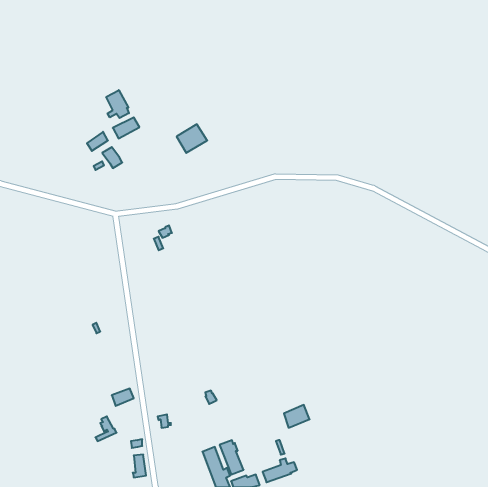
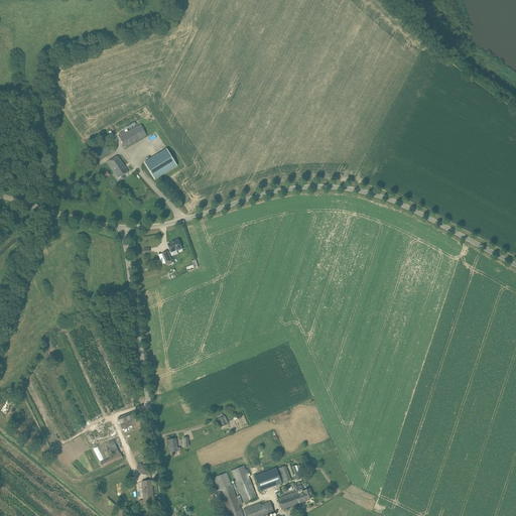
building: [106,90,129,118] -> none
building: [177,124,207,153] -> [145,148,177,178]
building: [284,405,310,428] -> [255,467,282,491]

